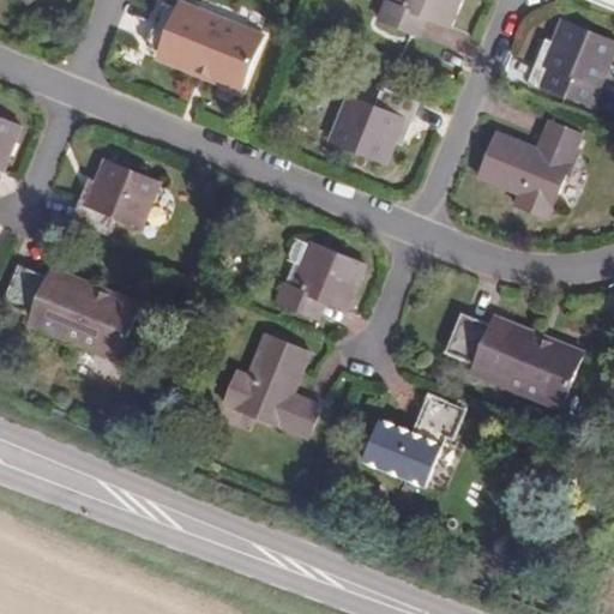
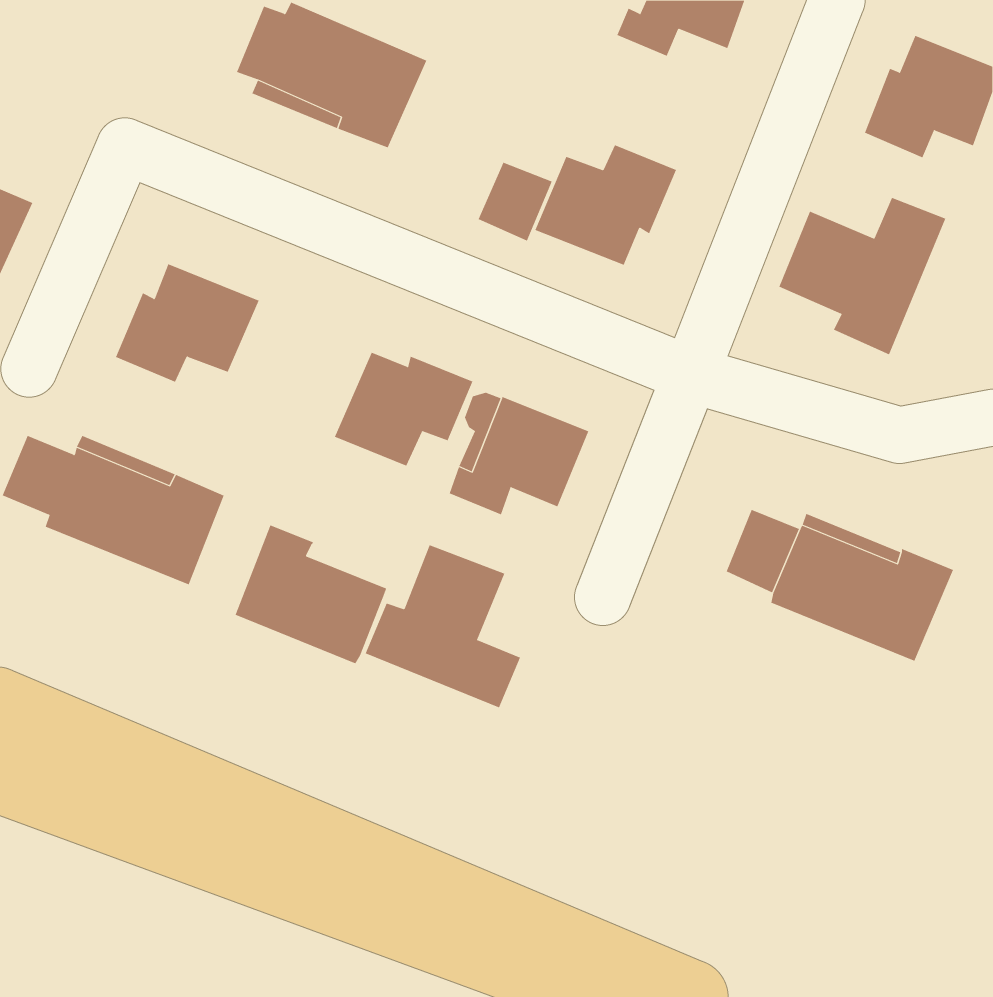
building: none -> [478,162,553,241]
building: none -> [334,352,473,467]
building: none -> [235,524,387,664]
building: [363,393,464,483] -> none

